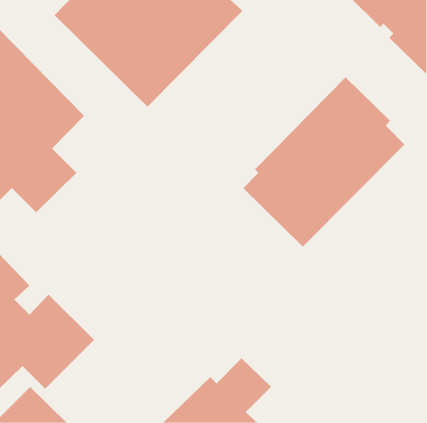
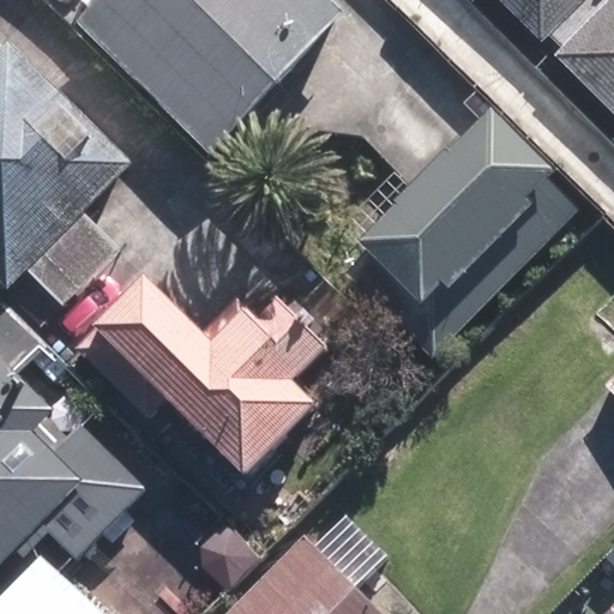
building: none -> [77,273,331,476]

